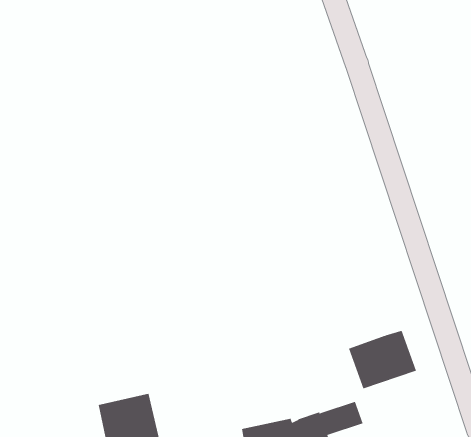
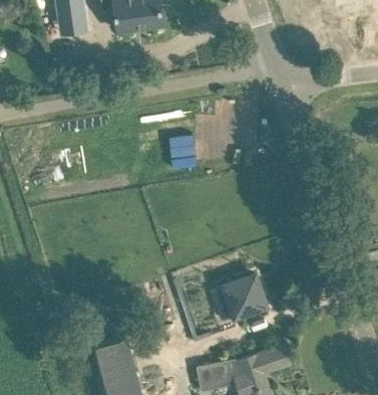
building: [348,330,417,389] -> [211,273,263,319]

